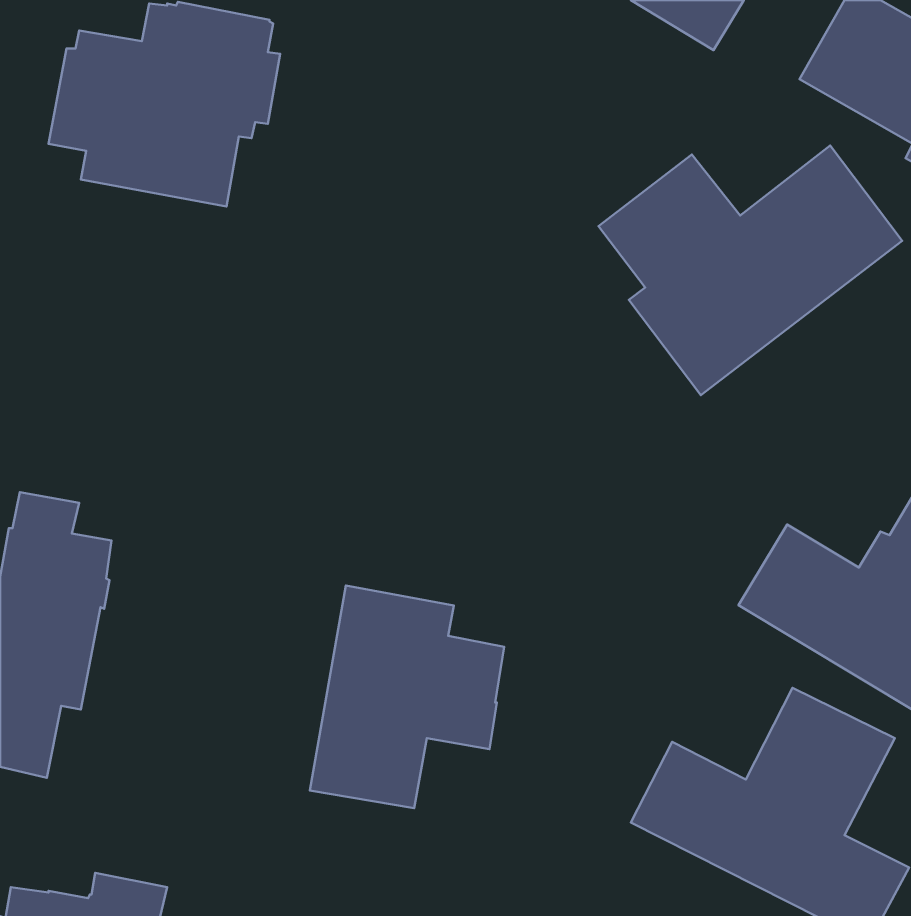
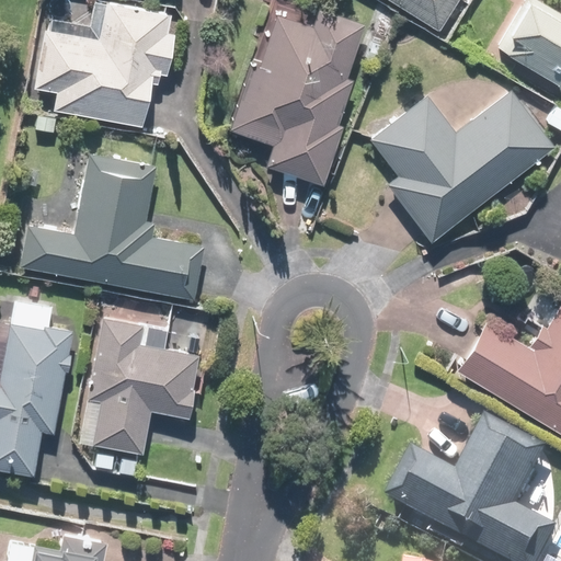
building: none -> [228,10,365,185]
building: none -> [20,154,204,300]
building: [310,586,504,808] -> [80,318,198,454]

